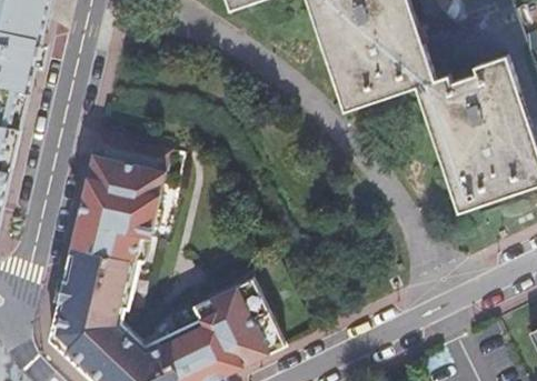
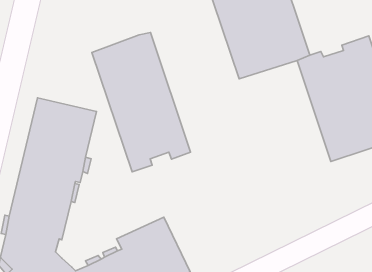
building: none -> [92,32,190,172]

